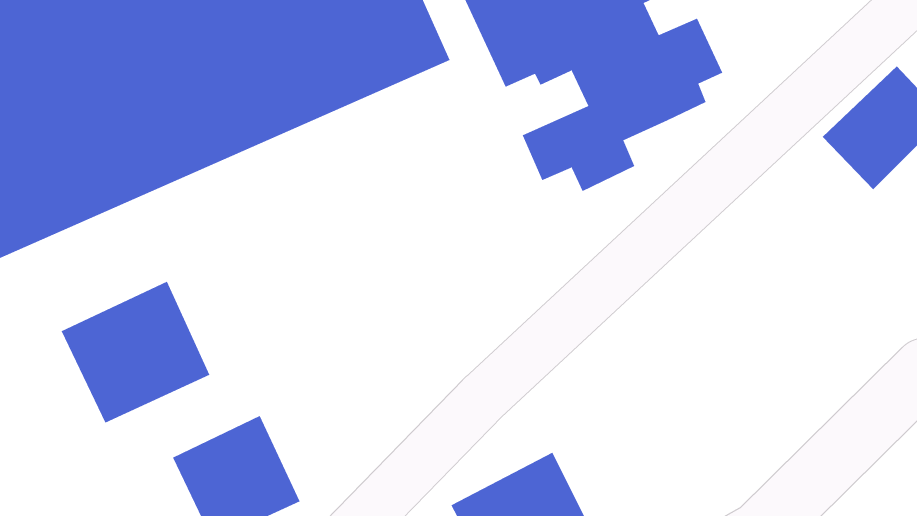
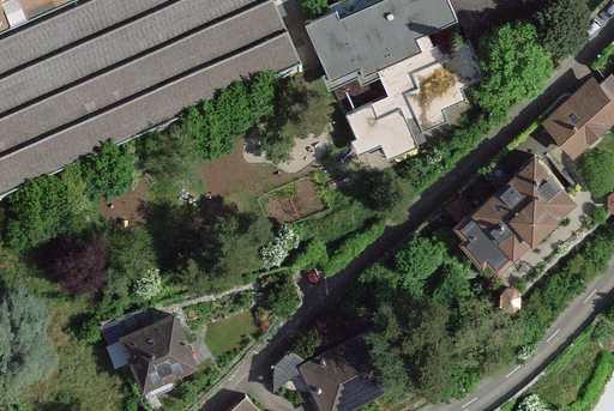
building: none -> [451,147,576,270]
building: [61,281,210,423] -> none

